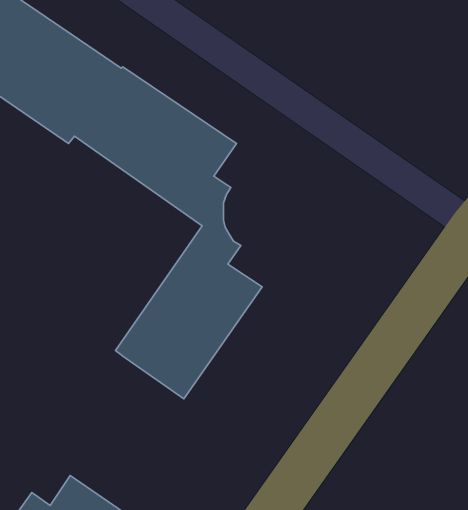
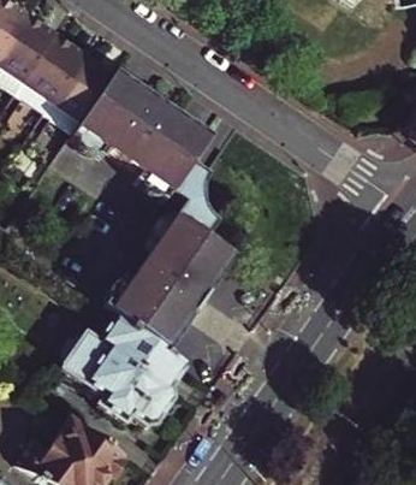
building: none -> [61,313,184,421]

